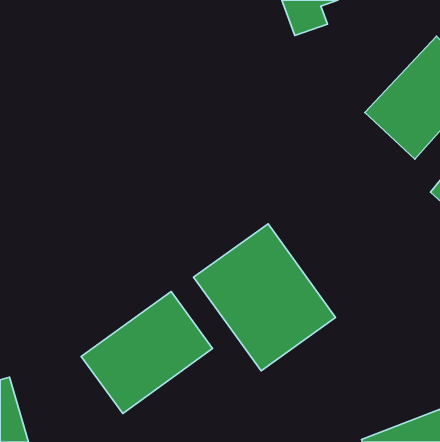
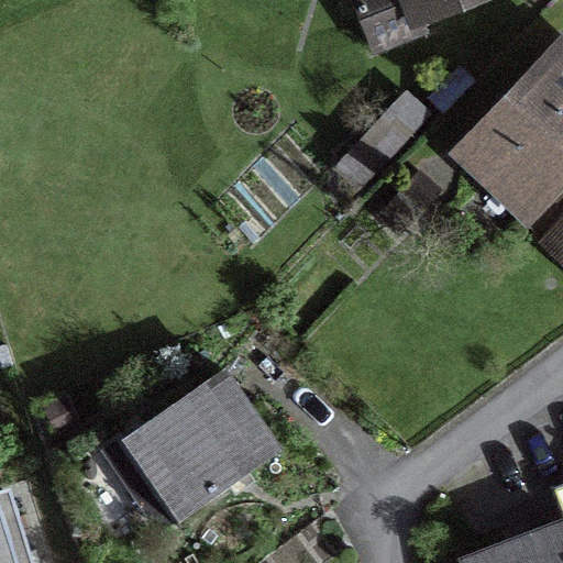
building: [194,224,336,371] -> none

